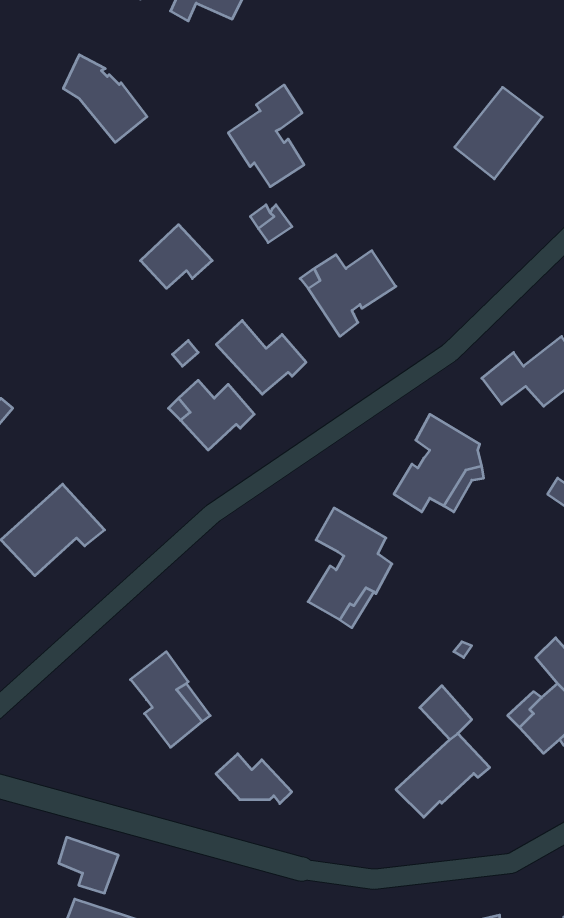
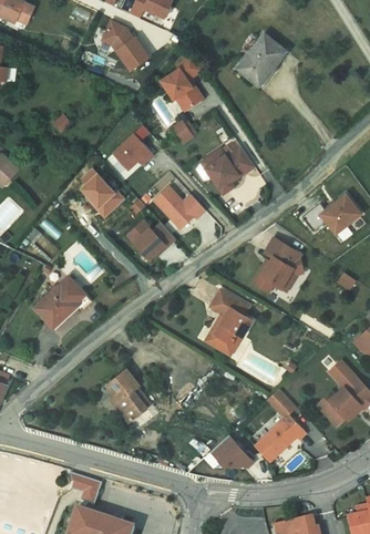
building: [63,55,147,142] -> [101,20,147,69]
building: [455,87,542,179] -> [237,34,286,85]
building: none -> [79,170,122,217]
building: [216,754,292,804] -> [210,440,253,468]

